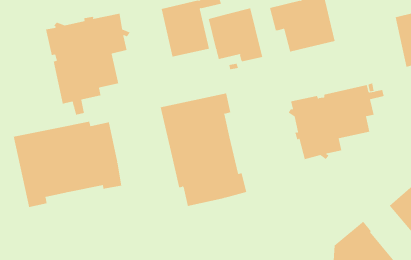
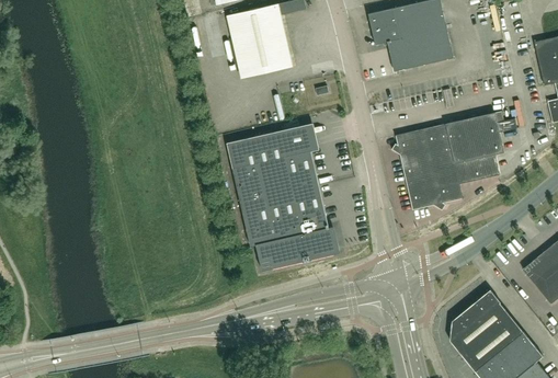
building: [208,8,263,62] -> none
building: [45,13,130,115] -> none
building: [13,121,122,208] -> none

